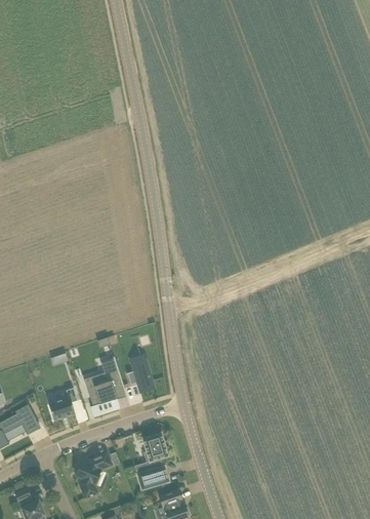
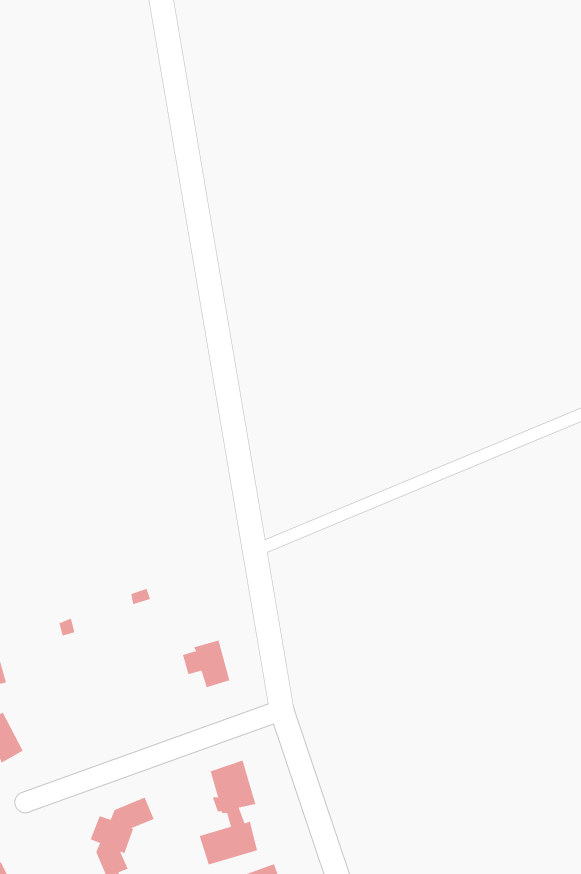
building: [90,357,124,405] -> none
building: [48,388,77,421] -> none

